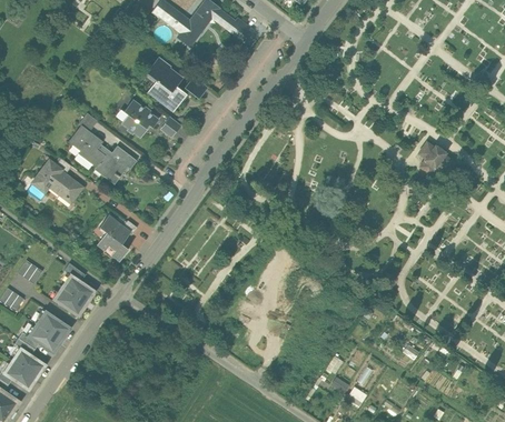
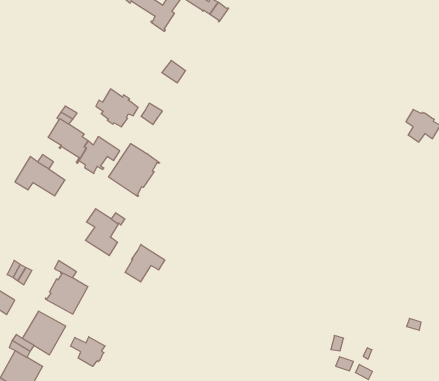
building: [147,57,185,109] -> none
building: none -> [109,144,160,196]
building: none -> [125,244,165,282]
building: none -> [71,337,105,366]

